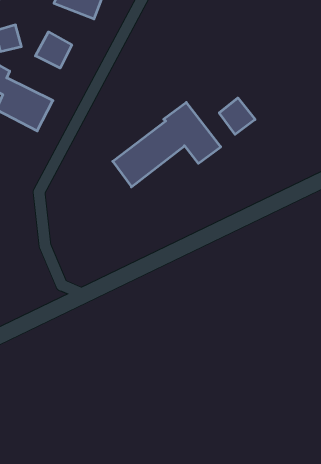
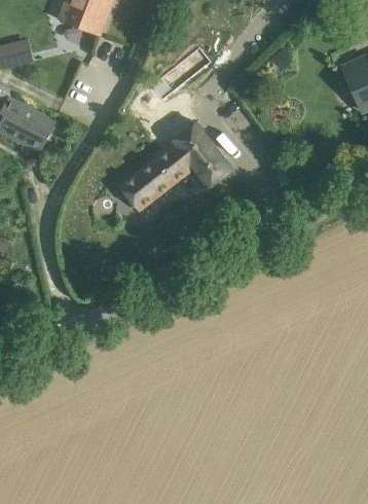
building: [35,32,72,68] -> none
building: [219,98,255,134] -> none

